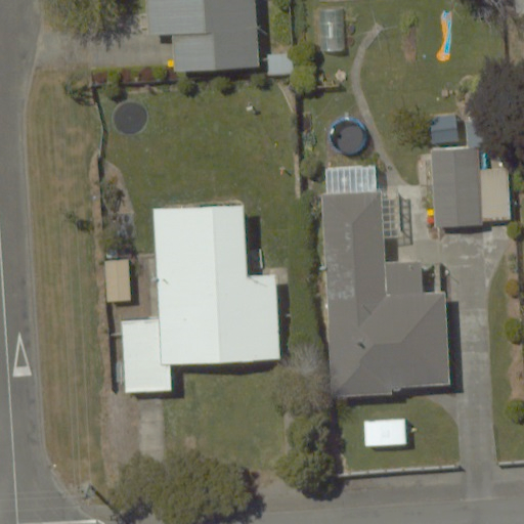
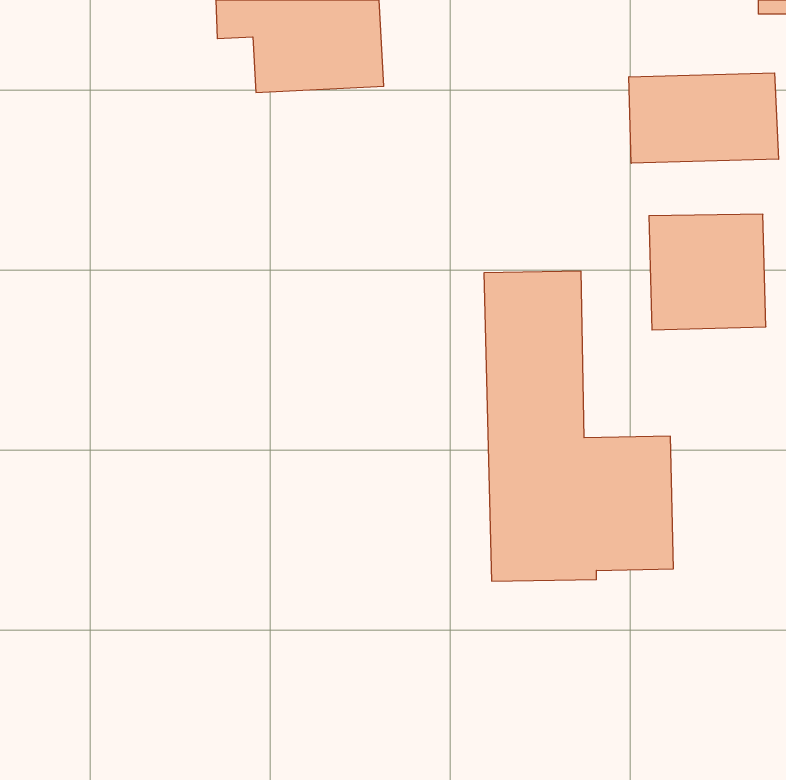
building: none -> [629,73,779,163]
building: [124,206,280,388] -> none

